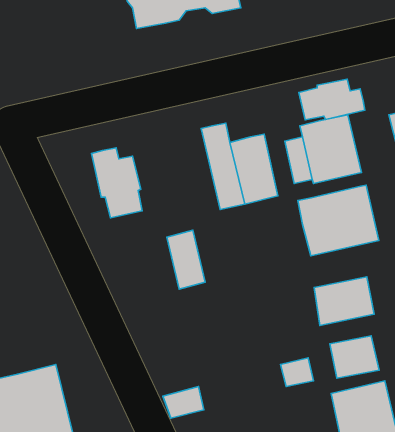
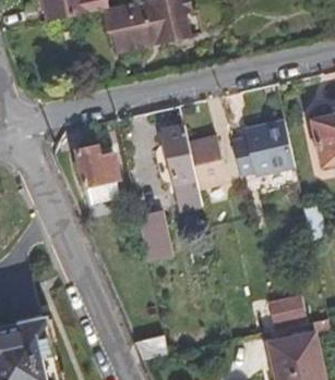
building: [299,79,365,120] -> none
building: [298,185,379,256] -> none
building: [314,277,374,325] -> none

